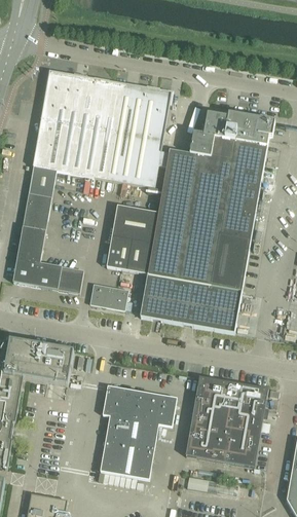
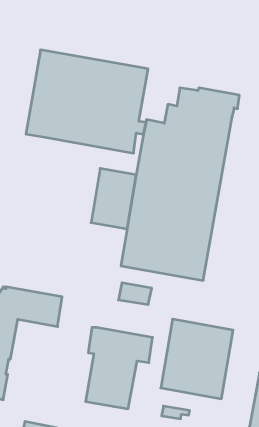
building: [12,165,83,293] -> none
building: [89,284,127,308] -> [118,283,152,304]

